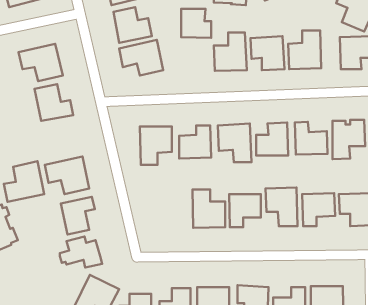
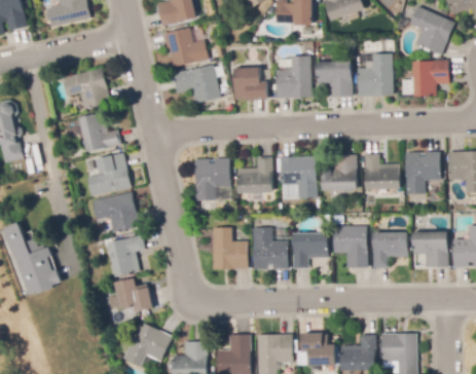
building: [181,9,211,38] -> [234,68,267,100]
building: [4,161,44,202] -> [86,152,131,196]
building: none -> [212,227,248,268]

